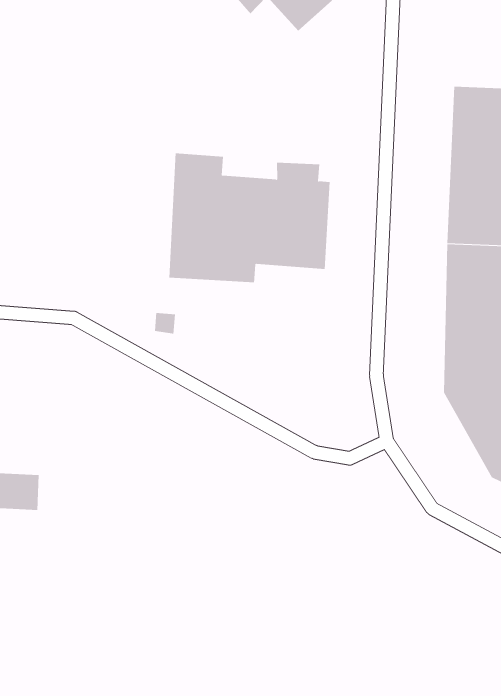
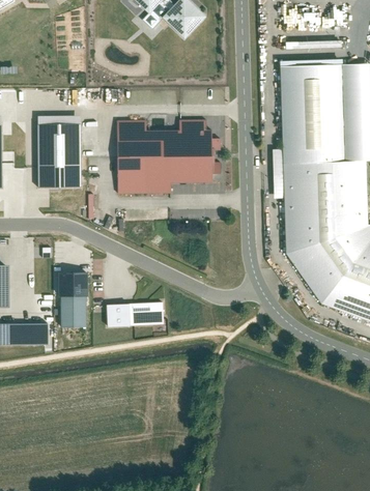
building: none -> [37,114,81,186]
building: none -> [58,271,88,327]
building: none -> [103,301,161,325]

